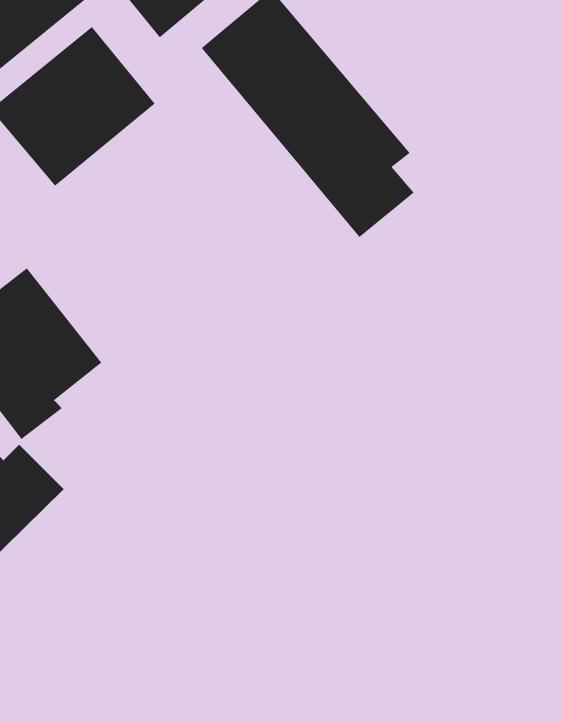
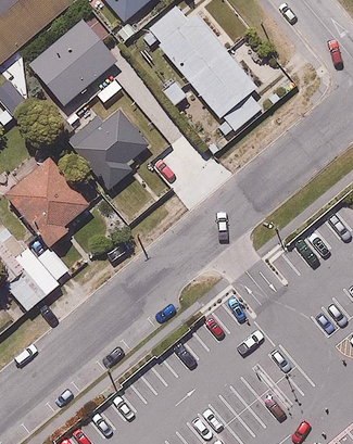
building: none -> [65,104,149,191]

